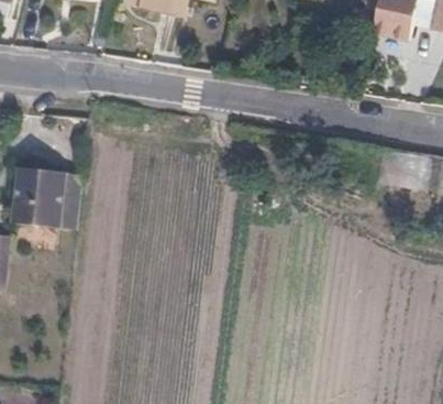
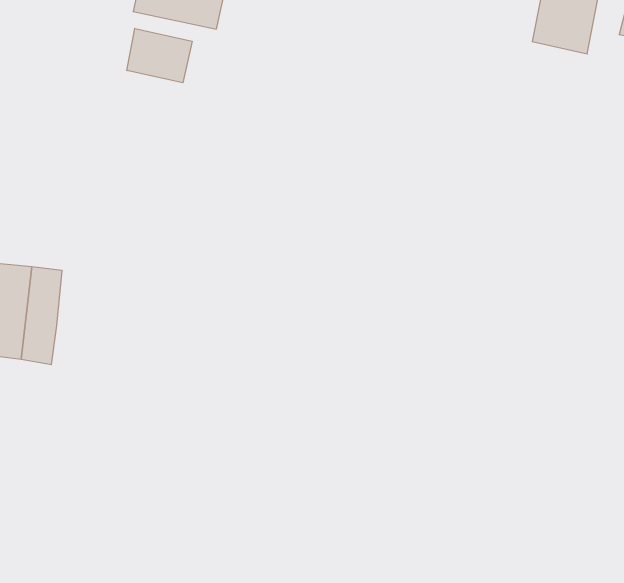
building: none -> [127,28,192,83]

